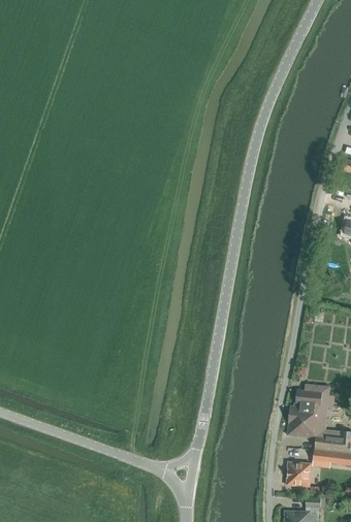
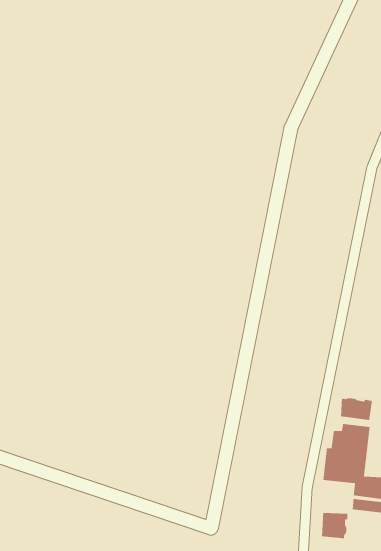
building: none -> [340,397,373,421]

